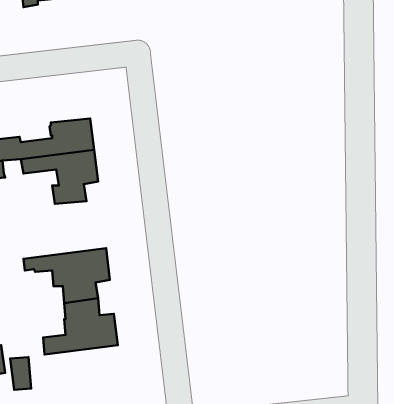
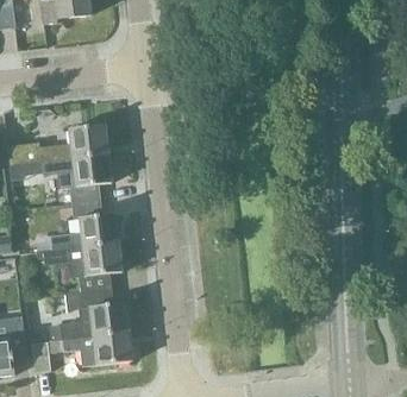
building: none -> [40,200,118,252]
building: none -> [62,330,131,366]

